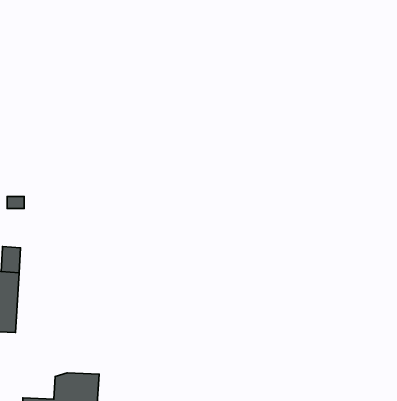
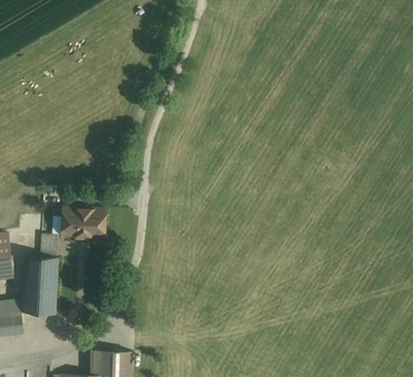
building: none -> [66,207,104,236]

